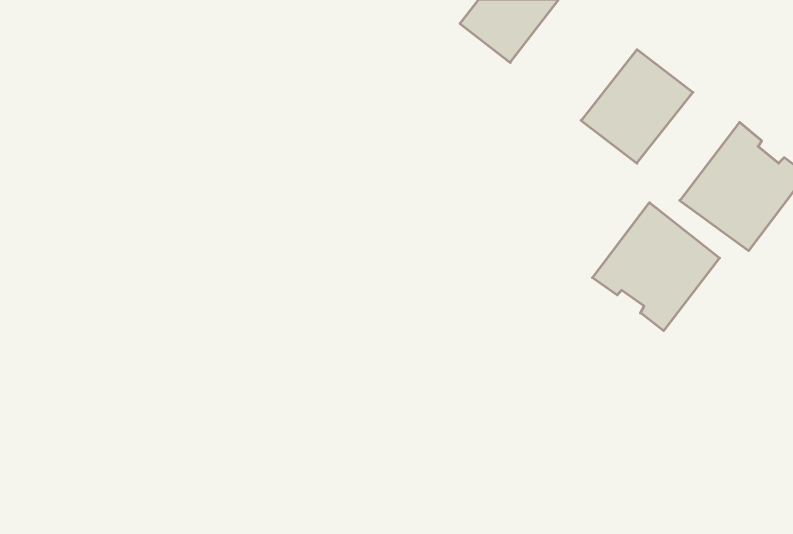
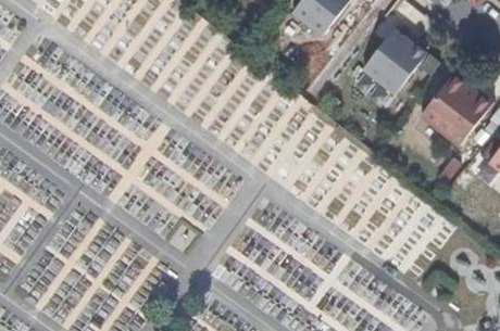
building: [592,203,720,331] -> none

